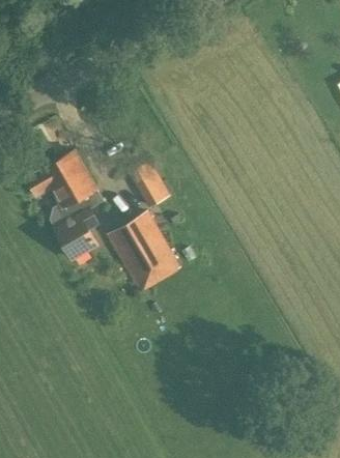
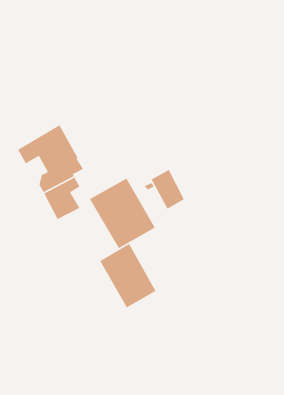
building: [131,161,169,206] -> [151,169,185,210]
building: none -> [99,243,157,308]

